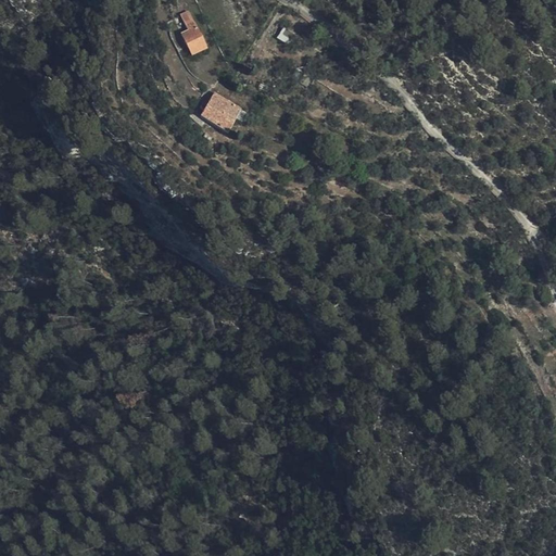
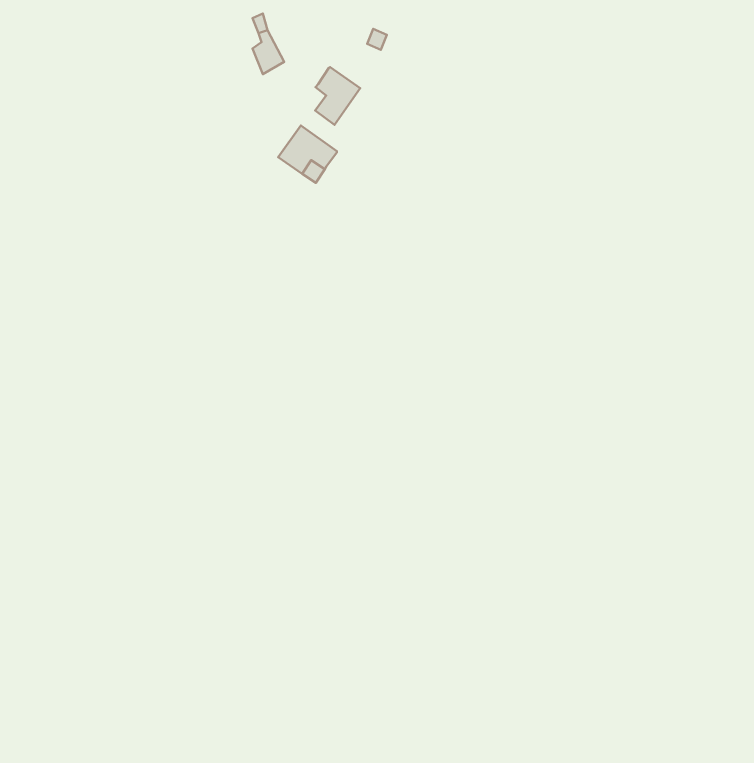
building: none -> [315,67,360,125]

